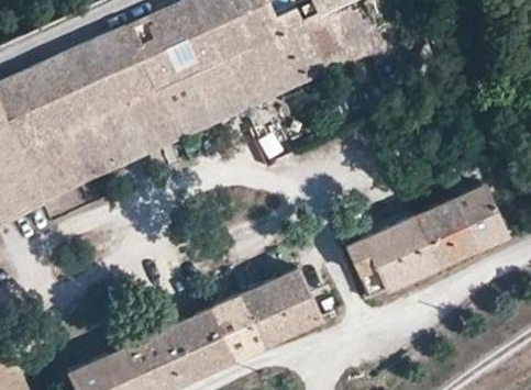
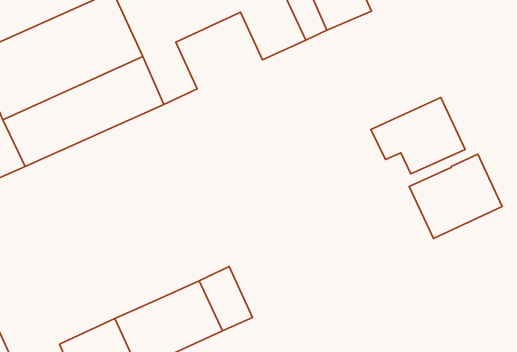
building: [187,46,273,122] -> none
building: [349,219,442,294] -> [371,97,465,174]
building: [240,272,320,348] -> none

